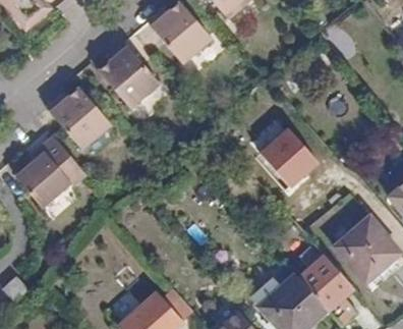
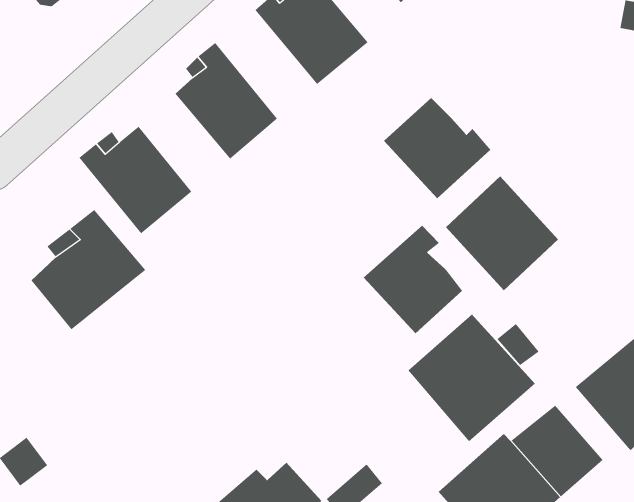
building: none -> [383,97,491,199]
building: none -> [363,225,463,334]
building: none -> [407,313,536,442]

